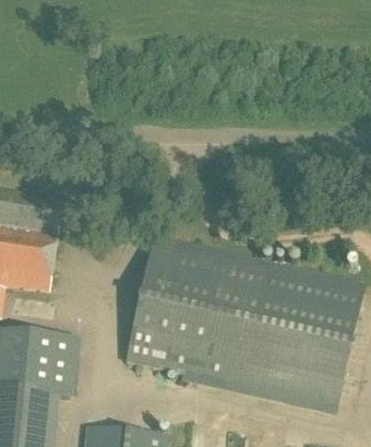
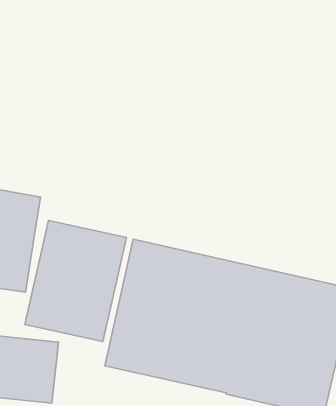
building: none -> [25,221,127,341]

